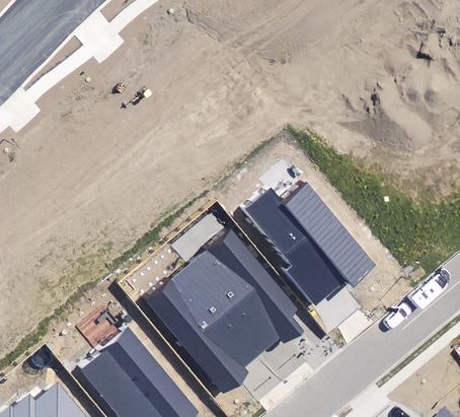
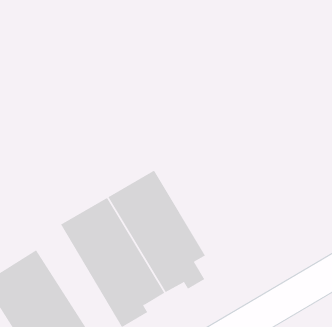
building: [244,180,378,304] -> none

